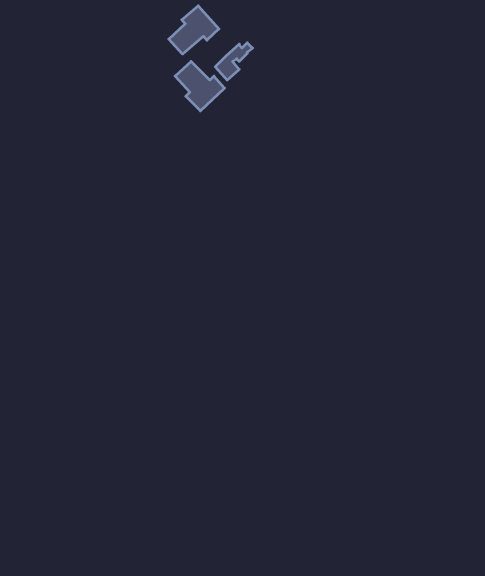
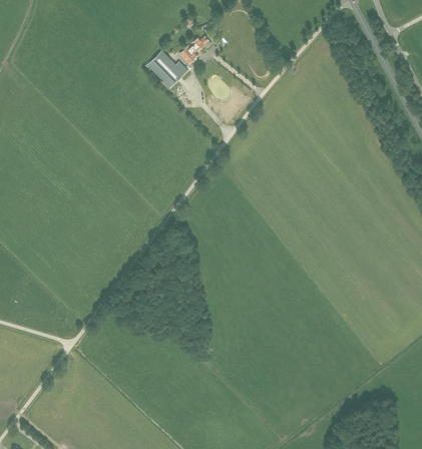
building: [169,6,219,54] -> none

